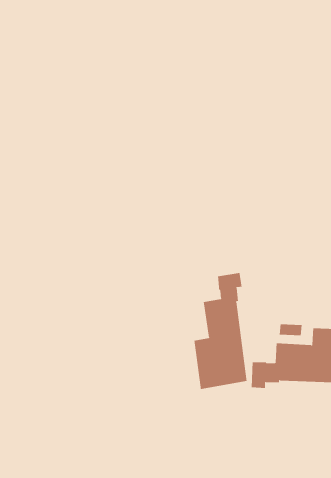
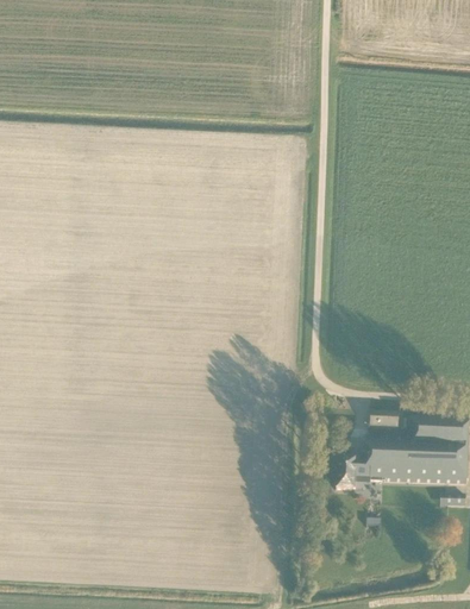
building: [194,272,247,390] -> none

